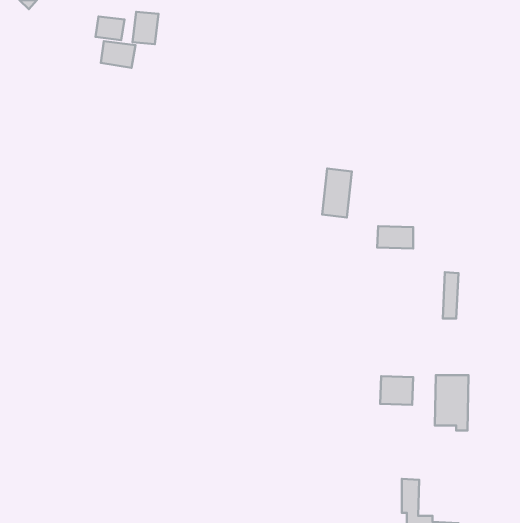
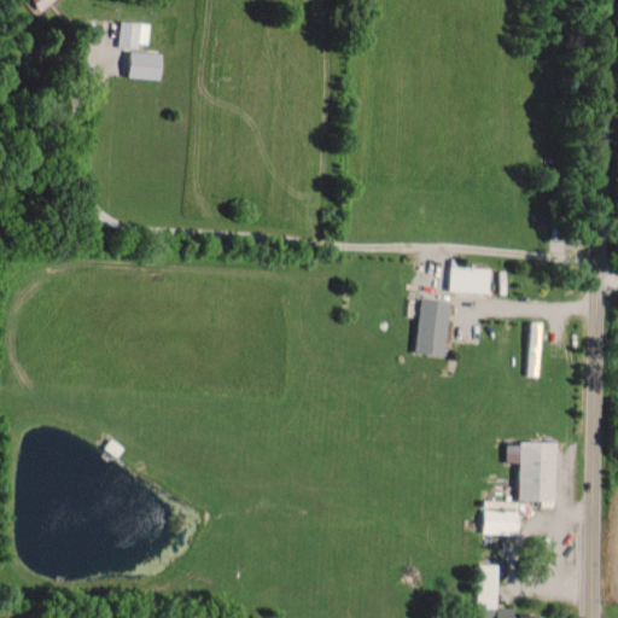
building: [133,12,159,44] -> none
building: [322,168,352,218] -> [414,299,449,357]
building: [380,376,413,405] -> [482,502,520,536]

